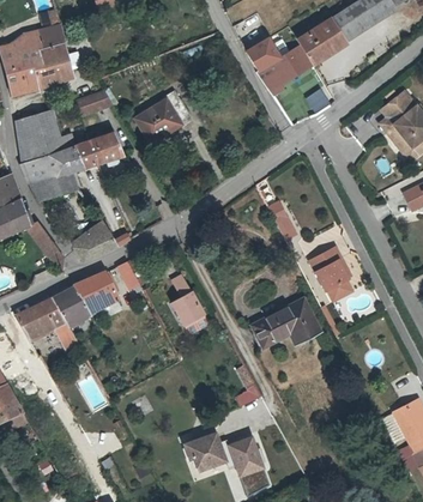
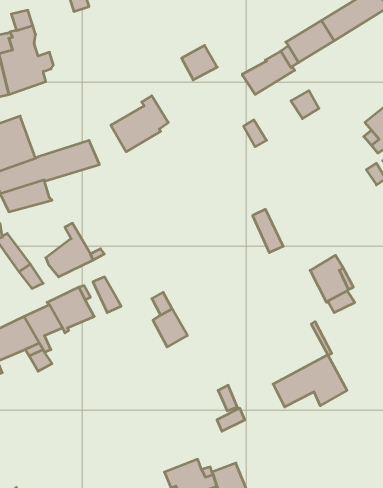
building: [246,38,279,71] -> [182,45,217,80]
building: [73,87,111,115] -> none
building: [252,297,321,346] -> [273,355,347,407]

